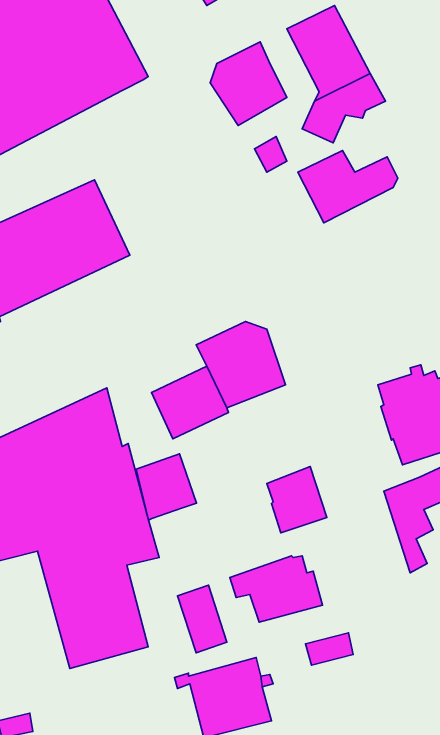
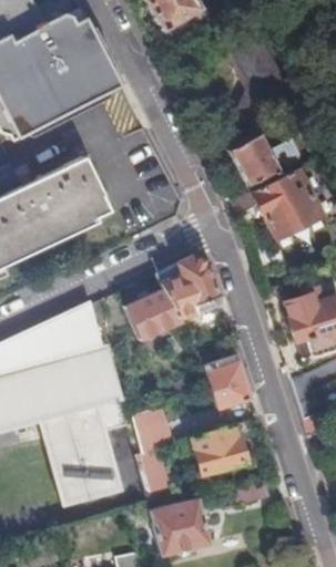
building: [210,42,287,126] -> none
building: none -> [235,159,324,238]
building: [136,454,196,520] -> [131,408,174,455]

